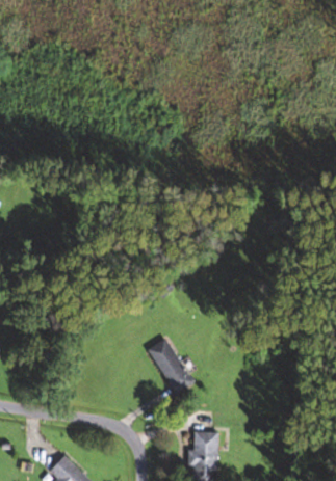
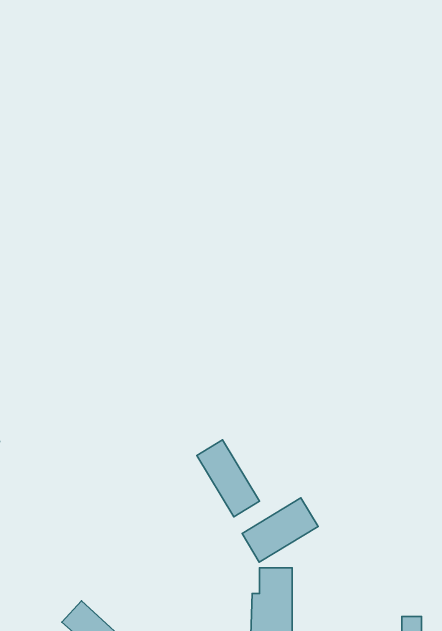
building: none -> [242,498,318,562]

